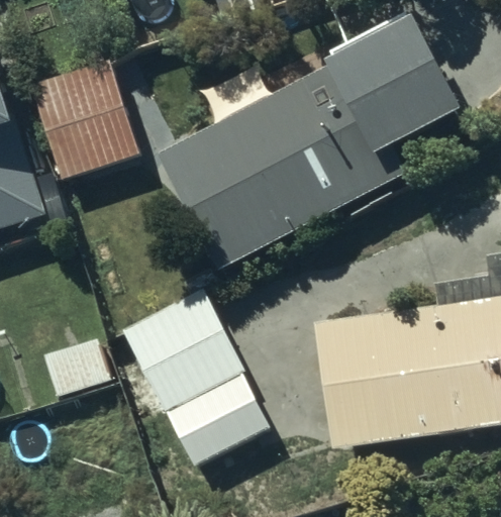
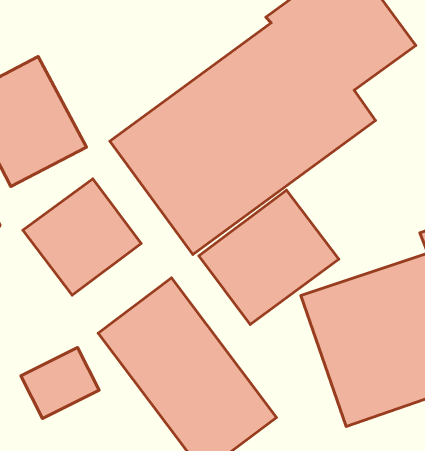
building: none -> [23,179,141,295]
building: none -> [199,190,339,325]

